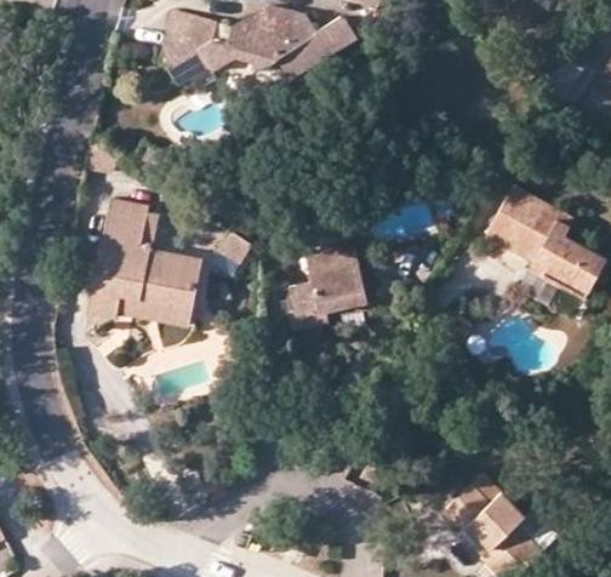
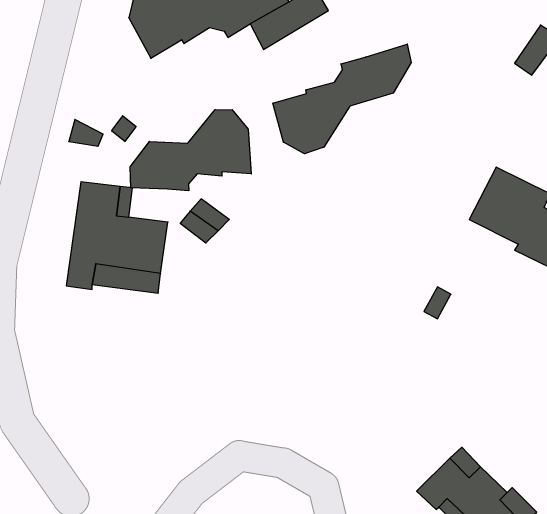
building: none -> [273,44,411,154]
building: none -> [130,110,251,191]
building: [298,248,366,330] -> none

